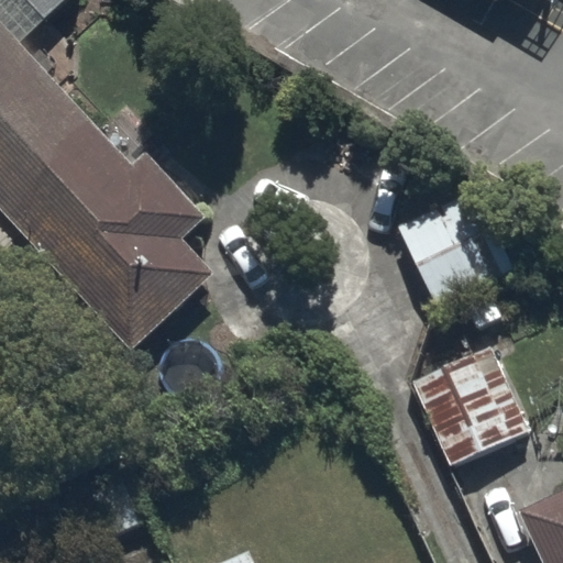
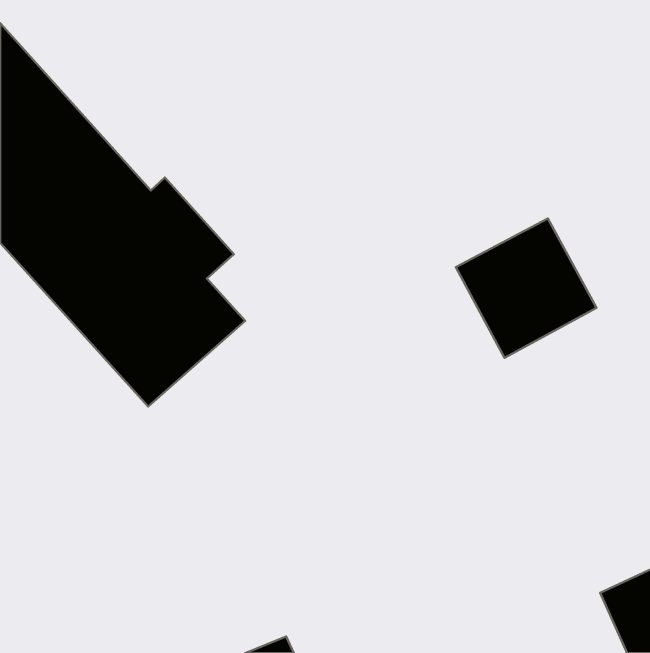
building: [409,343,527,465] -> none

